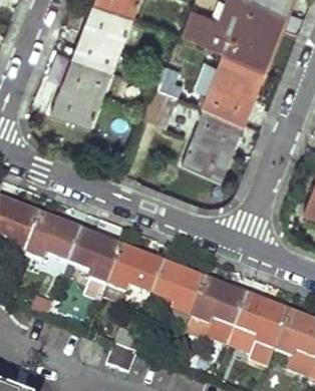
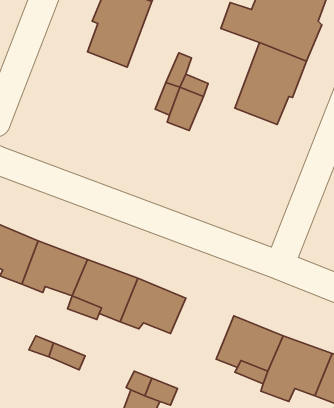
building: [54,53,114,121] -> none
building: [185,101,243,172] -> none
building: [151,264,206,316] -> none

